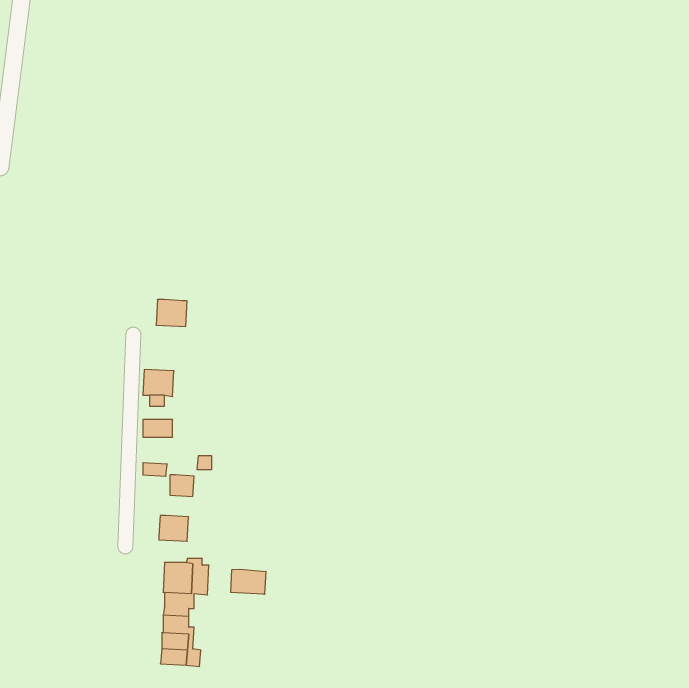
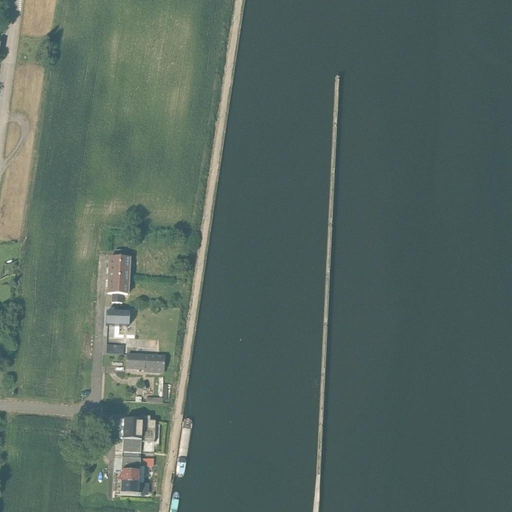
building: [156,300,187,326] -> [107,255,130,275]
building: [159,516,189,541] -> [143,353,165,372]
building: [231,569,266,594] -> none

